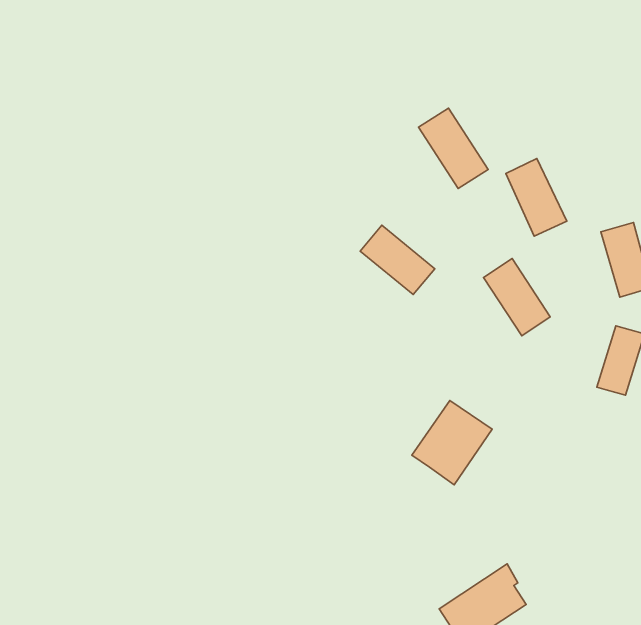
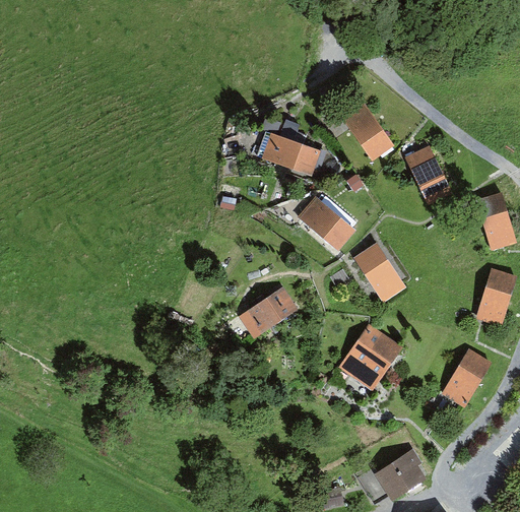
building: none -> [262,133,322,174]
building: [484,258,550,336] -> [356,243,406,301]
building: none -> [239,287,299,338]
building: none -> [442,350,489,405]

